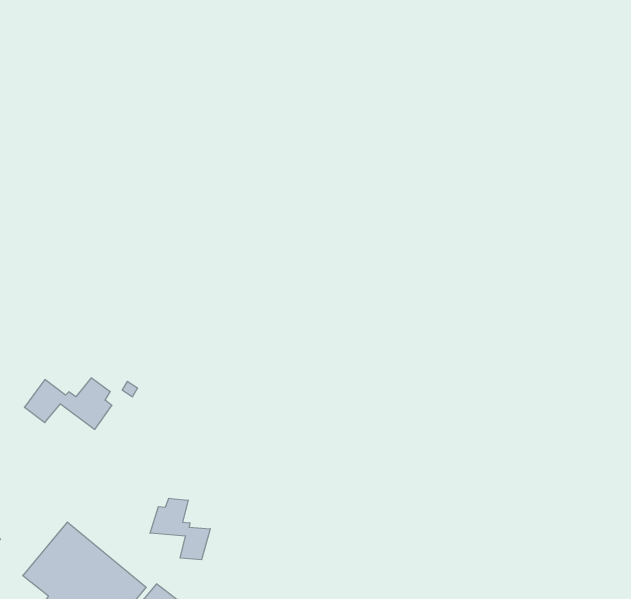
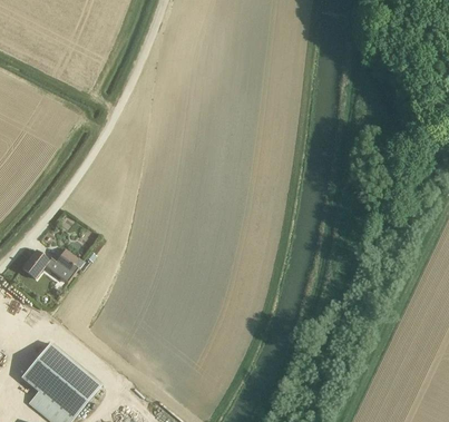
building: [150,498,210,560] -> none

